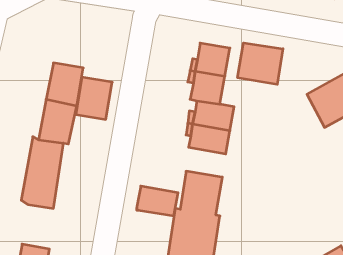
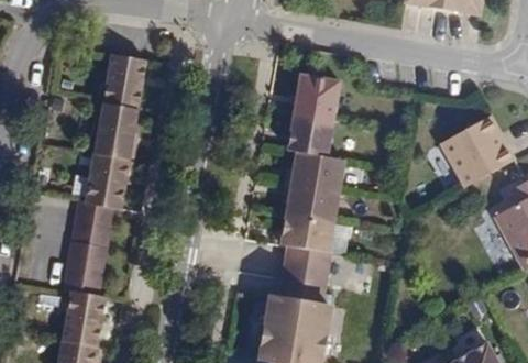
building: [238,43,283,84] -> none
building: [76,77,112,119] -> [105,51,153,107]
building: [137,186,178,216] -> [278,212,333,252]
building: none -> [63,288,110,348]

